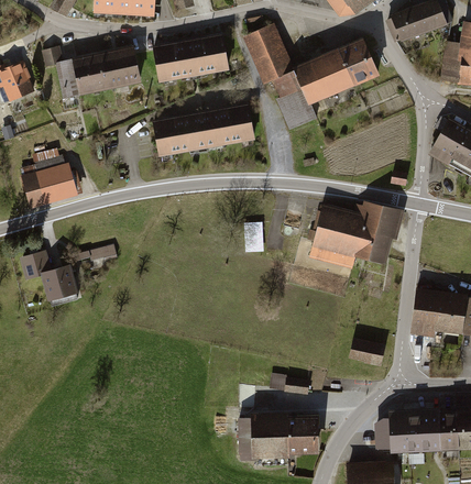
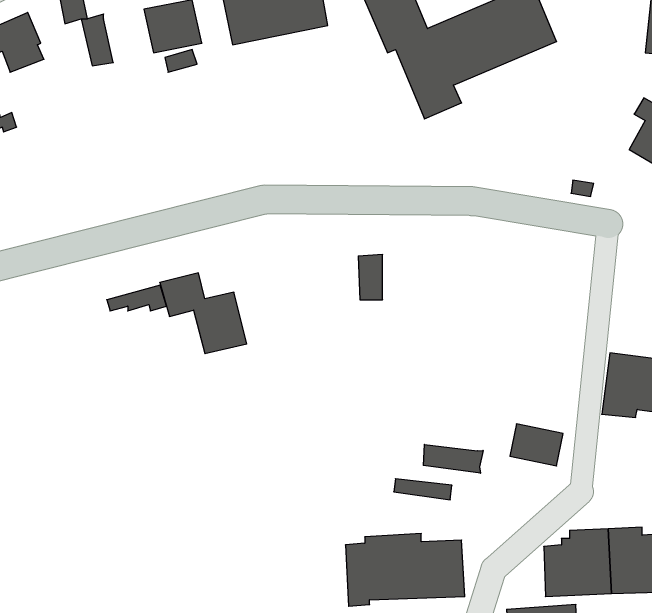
building: [73,55,107,91] -> none
building: [152,103,254,157] -> none
building: [19,149,85,208] -> none
building: [309,201,398,265] -> none
building: [18,250,77,305] -> [160,273,247,354]
building: none -> [423,444,483,473]

